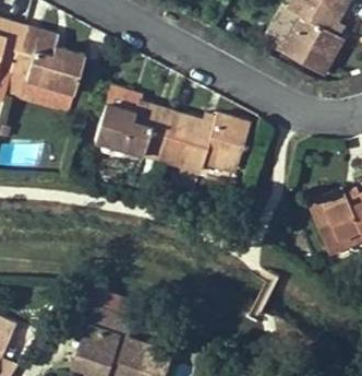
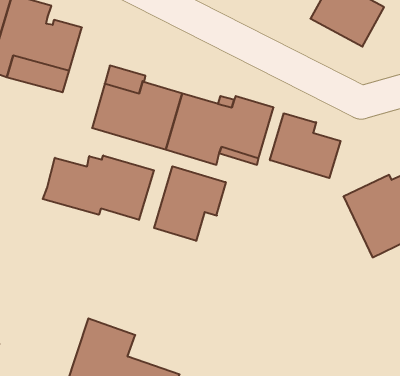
building: none -> [270,113,341,178]
building: none -> [43,155,154,220]
building: none -> [154,166,226,241]

